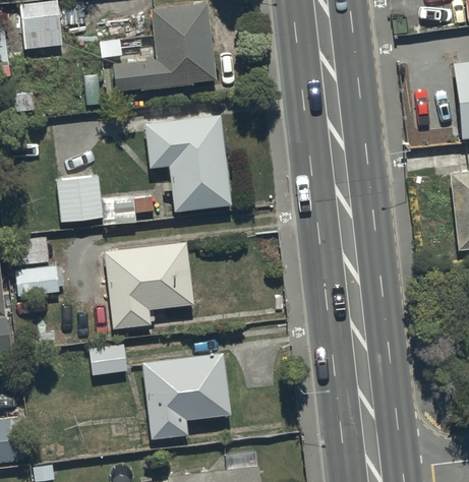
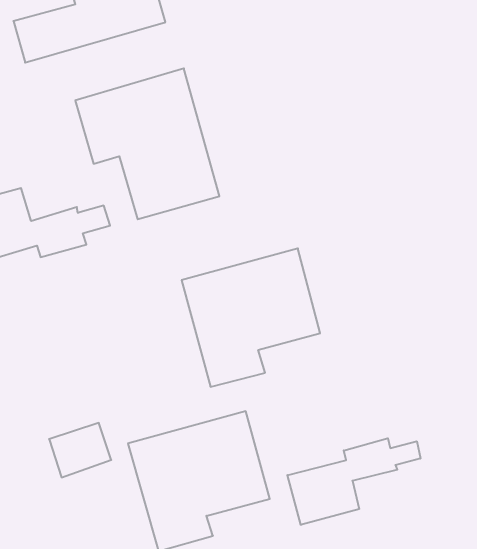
building: [105,244,192,327] -> [182,248,320,387]
building: none -> [287,438,420,525]

